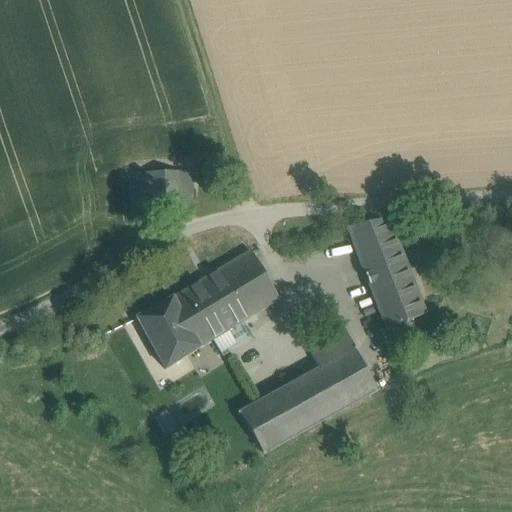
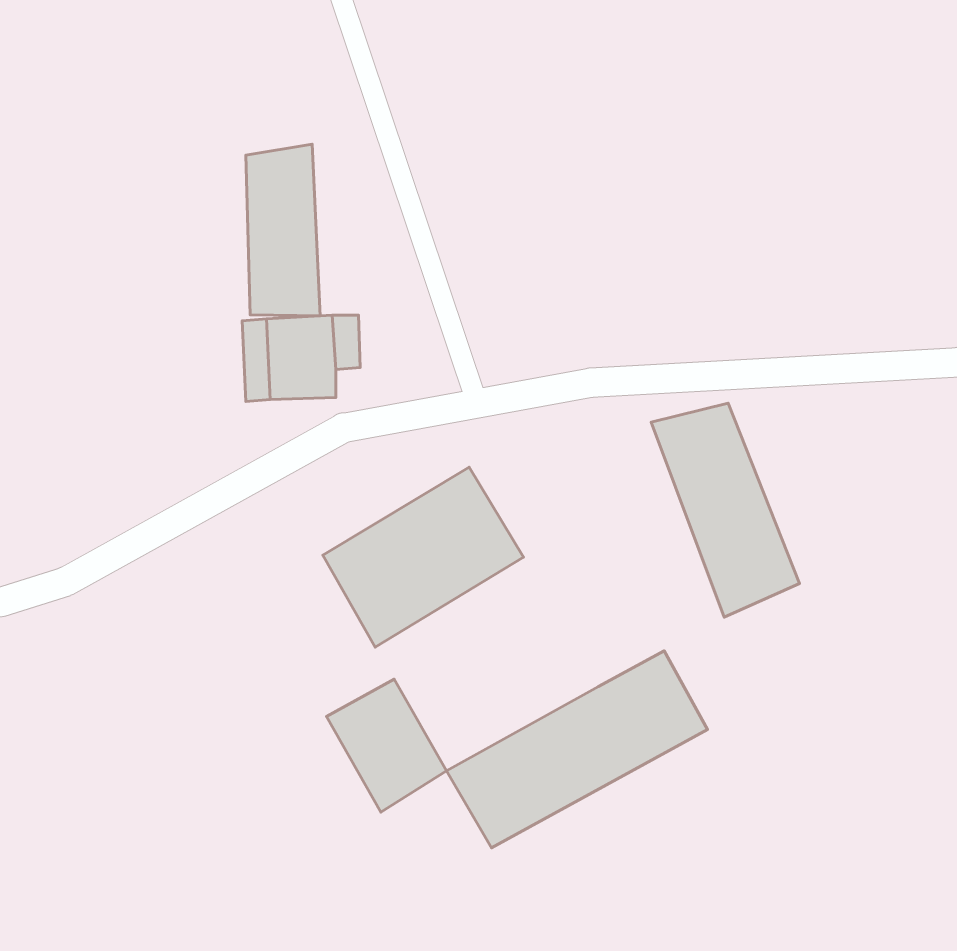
building: none -> [246,144,320,316]
building: [137,296,201,367] -> [327,679,447,812]
building: [310,329,355,366] -> none

